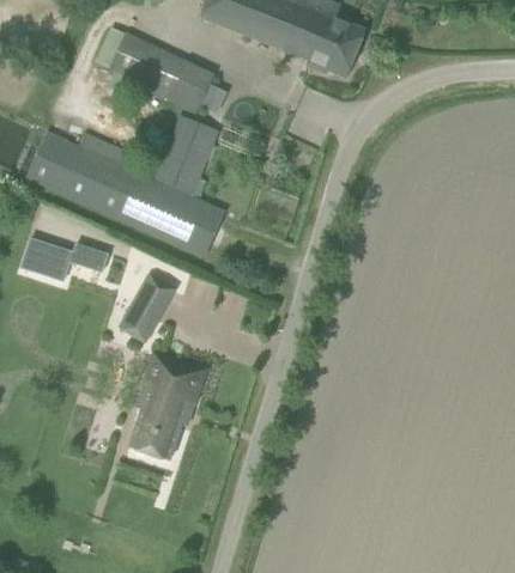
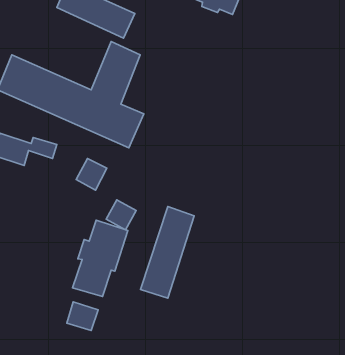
building: [120,300,160,341] -> [106,200,136,230]
building: none -> [141,206,194,298]
building: none -> [67,302,98,331]

